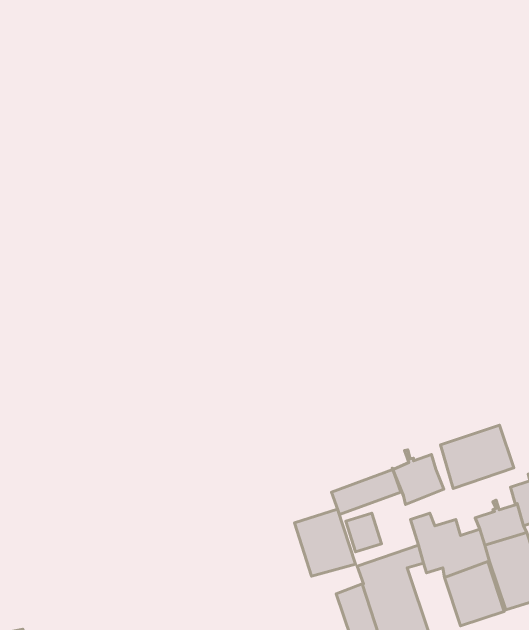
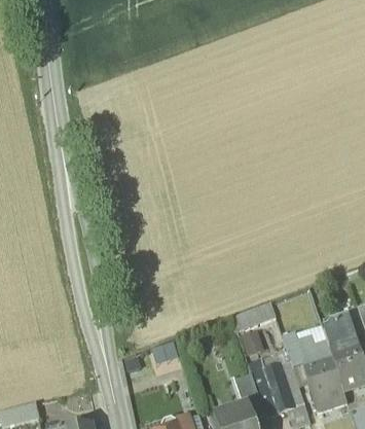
building: [441,425,514,489] -> none
building: [392,450,444,505] -> none
building: [295,509,355,576] -> none

